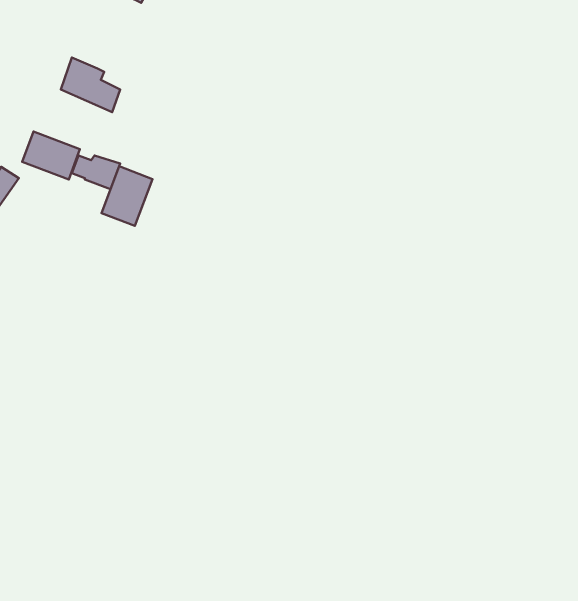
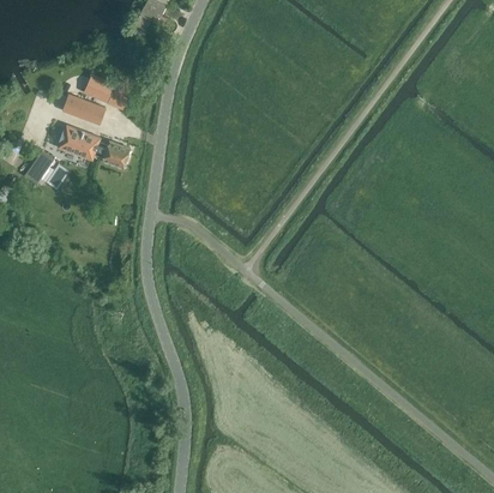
building: none -> [62,94,104,125]
building: [102,166,152,226] -> none

